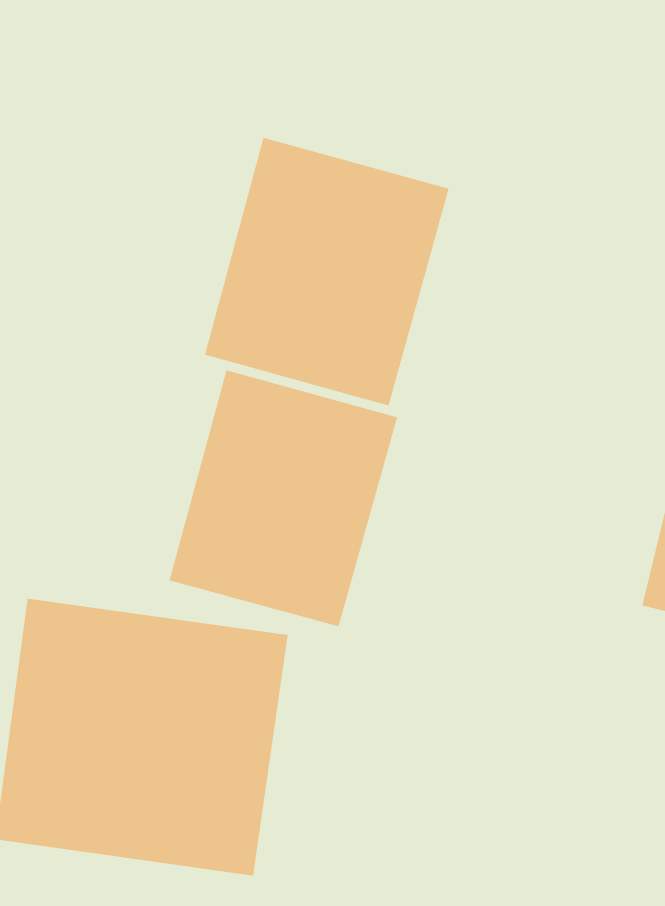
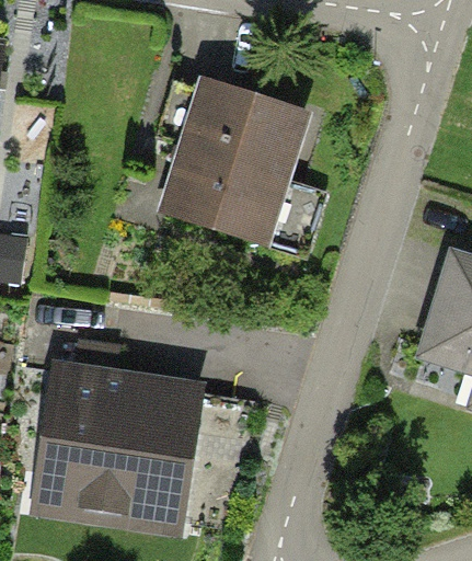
building: [169,370,398,627] -> none

